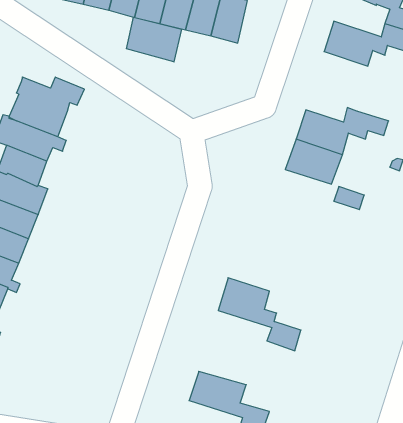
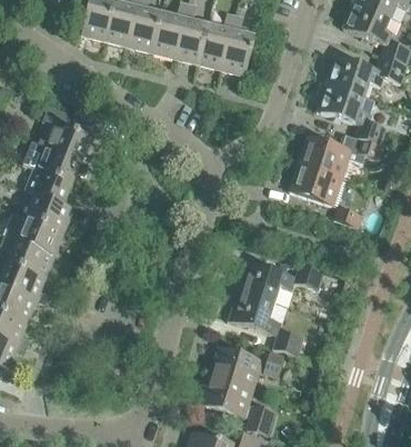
building: [127,17,181,62] -> none
building: none -> [317,83,387,146]
building: none -> [238,261,325,302]
building: none -> [211,348,283,388]

